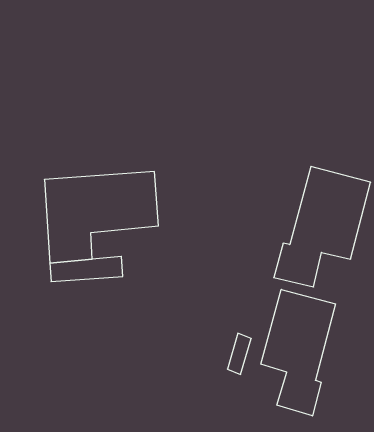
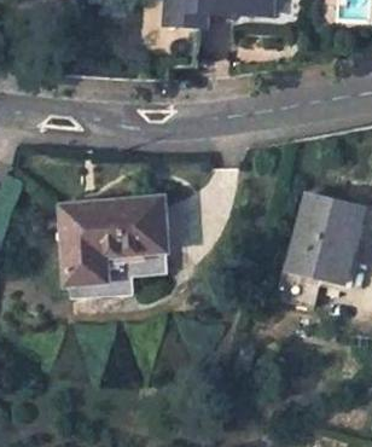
building: none -> [104,250,165,280]
building: [261,289,336,416] -> none

